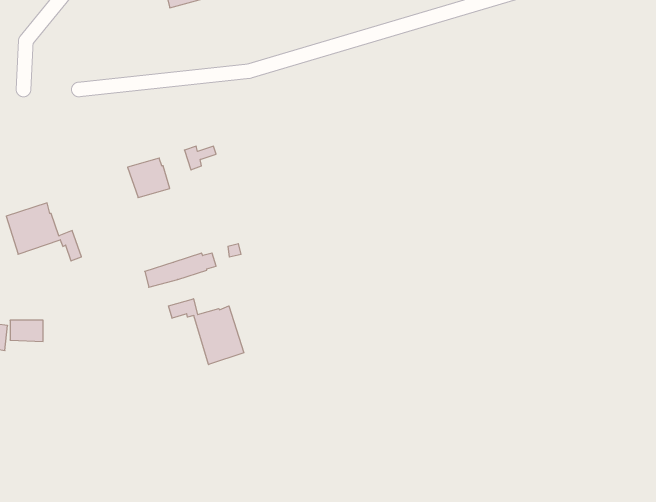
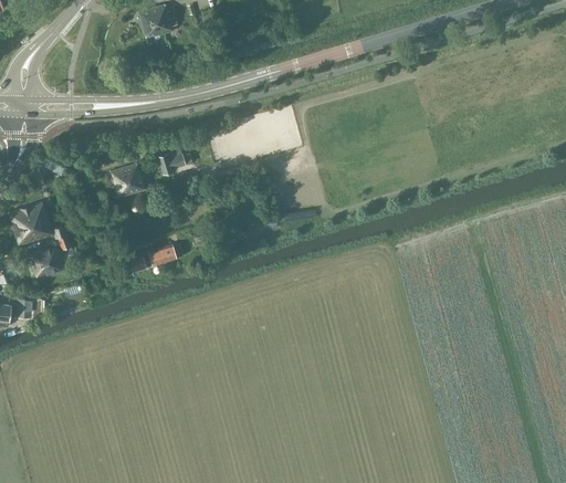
building: none -> [28,245,64,279]
building: [169,299,244,365] -> none

